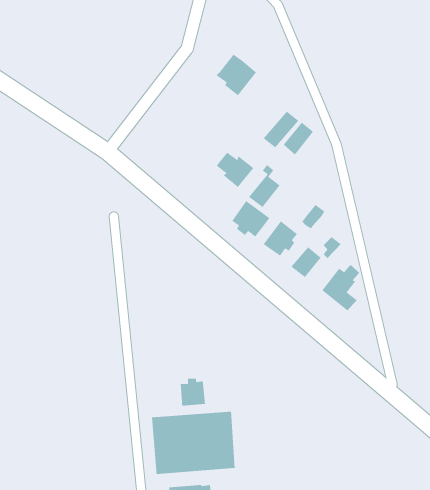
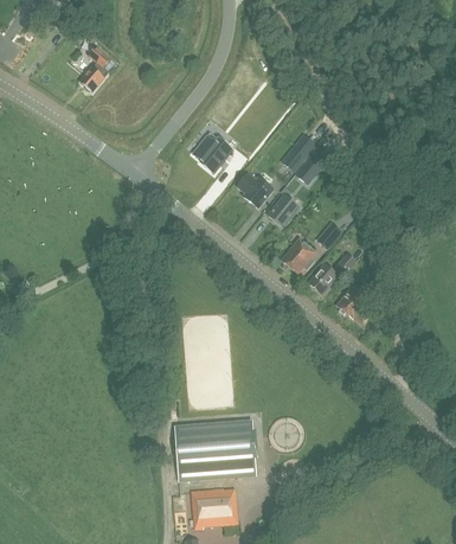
building: none -> [79,46,110,91]
building: [216,54,257,96] -> [192,132,231,172]
building: [232,200,270,238] -> none
building: [180,378,206,406] -> none

